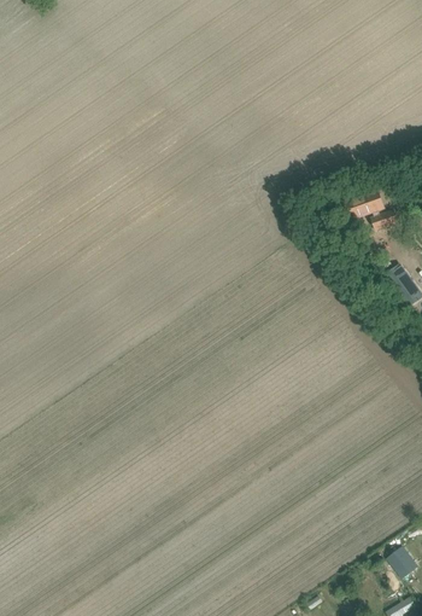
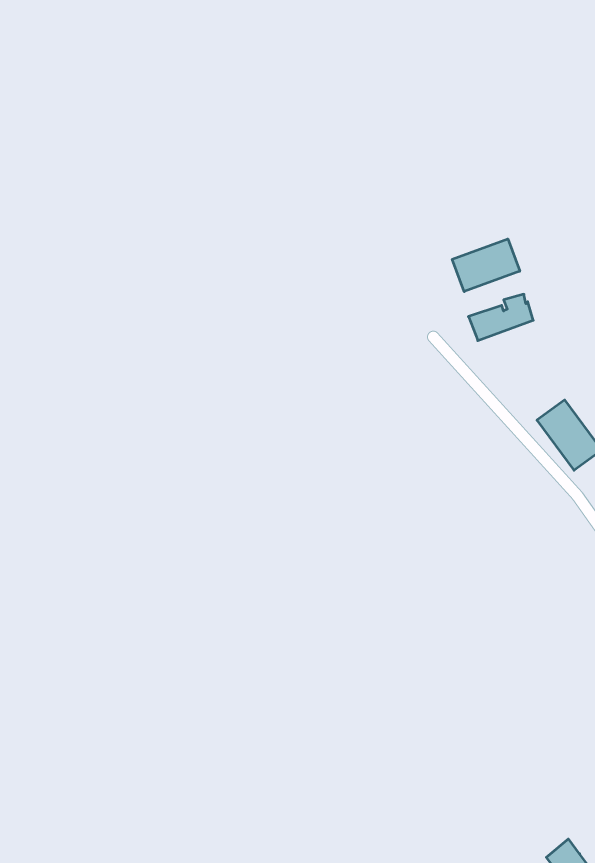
building: none -> [452,239,520,292]

